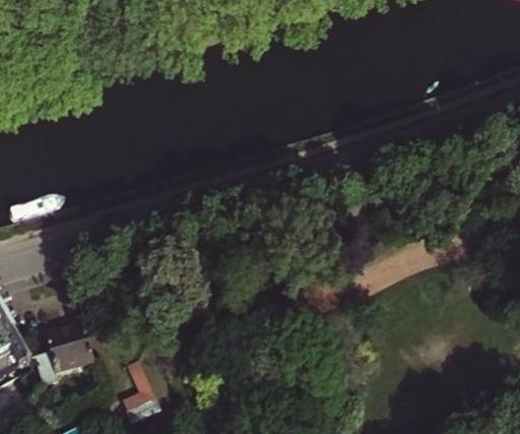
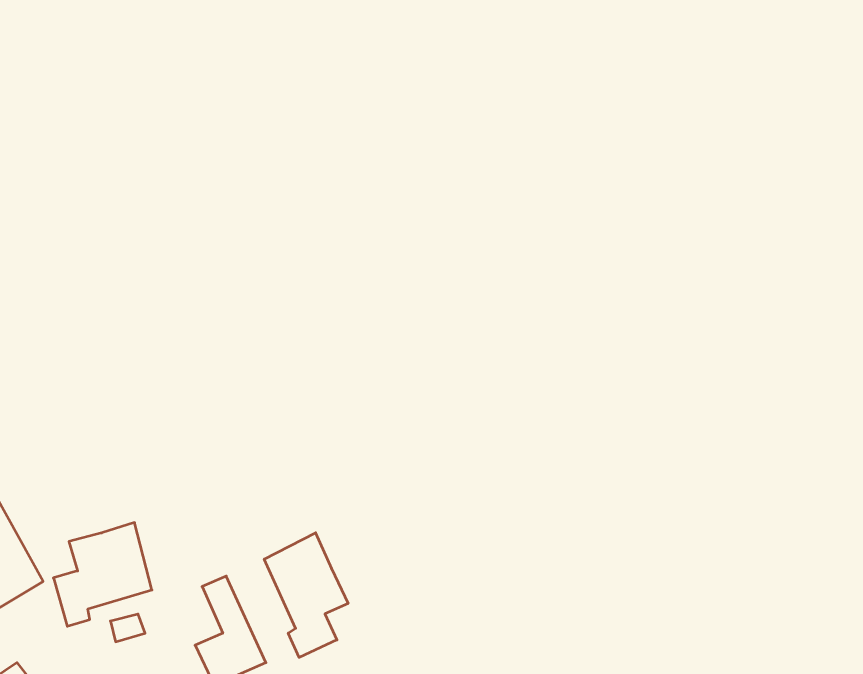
building: none -> [264,533,348,657]

